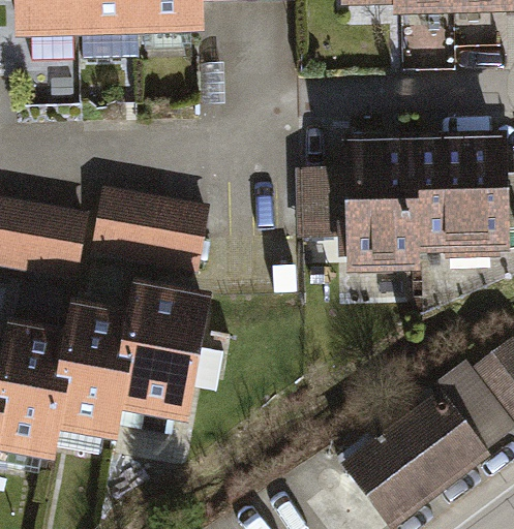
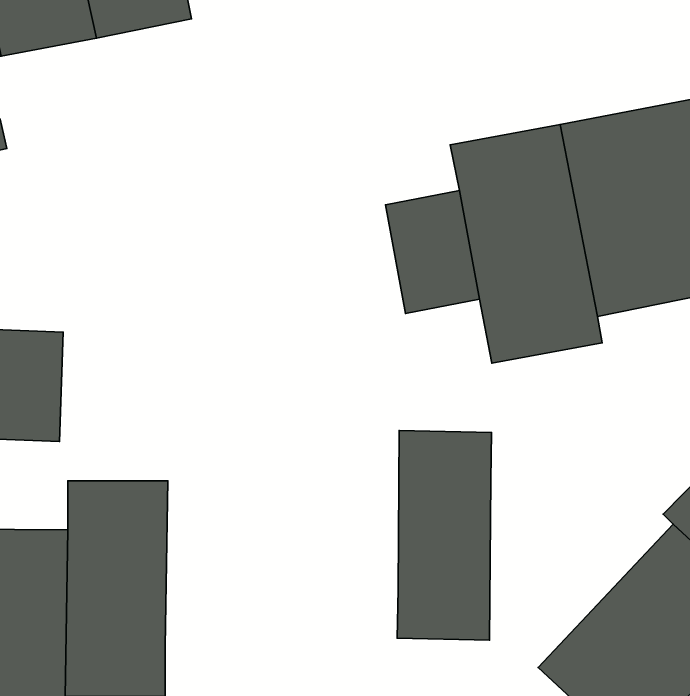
building: [91,183,209,270] -> none
building: [117,286,210,426] -> none
building: none -> [397,431,492,640]

